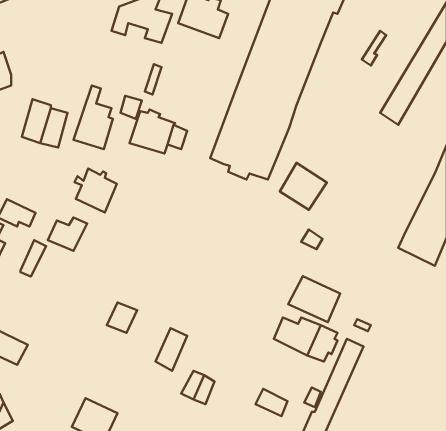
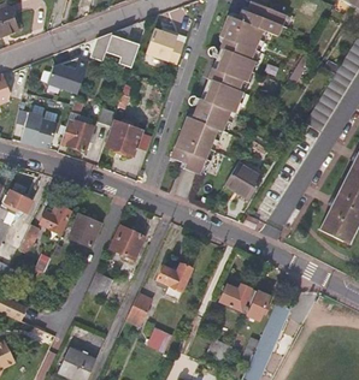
building: none -> [48,58,89,94]
building: [74,169,117,213] -> [67,212,101,247]
building: none -> [111,225,145,262]
building: [288,276,340,322] -> none
building: none -> [154,262,192,298]

